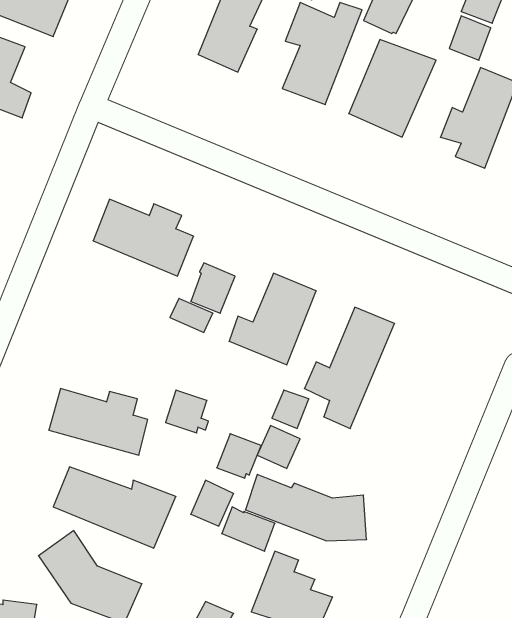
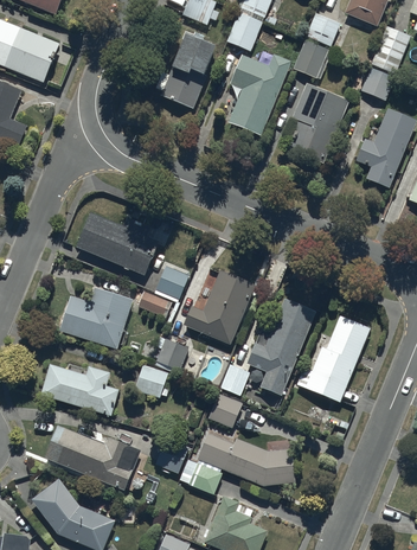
building: none -> [58,287,133,348]
building: none -> [293,314,371,401]
building: [217,434,261,478] -> [153,337,188,372]

